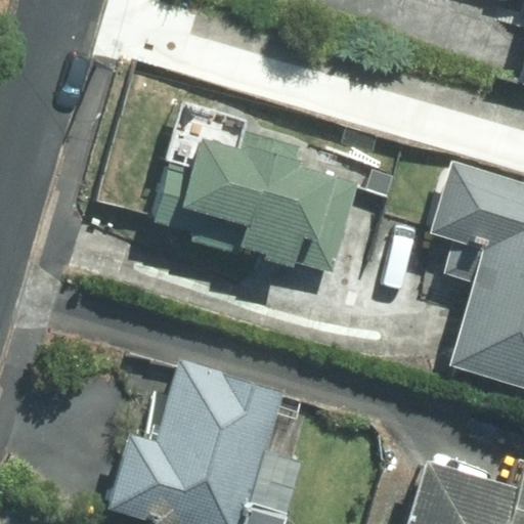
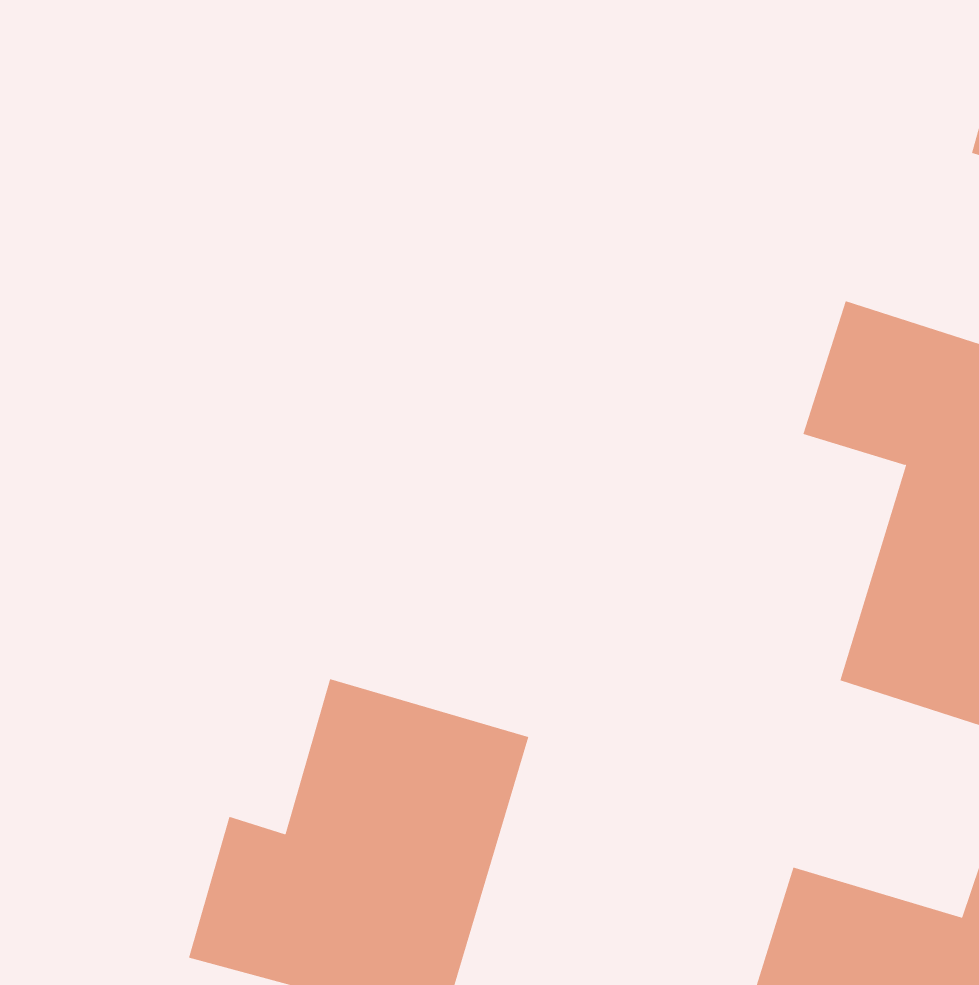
building: [152,138,358,273] -> none

